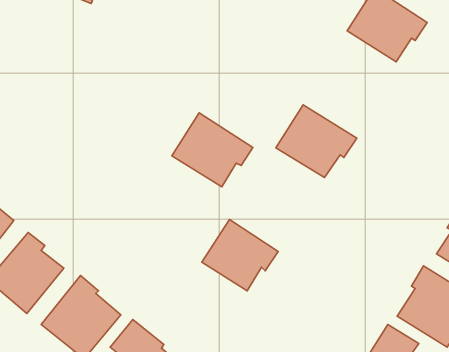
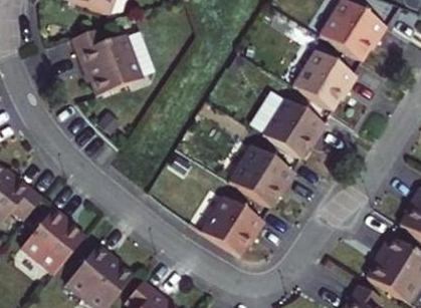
building: none -> [70,28,141,98]
building: none -> [293,50,362,112]
building: [172,113,253,187] -> [232,147,300,210]

